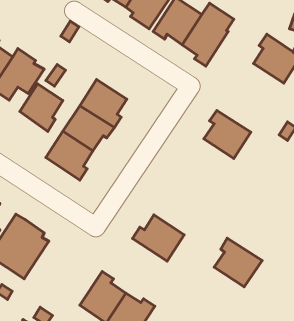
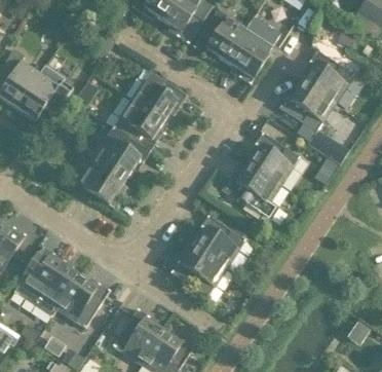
building: none -> [130,69,187,119]
building: none -> [278,80,335,131]
building: [20,84,63,131] -> none
building: none -> [224,162,280,214]
building: [214,238,262,287] -> [193,214,245,267]
building: none -> [56,274,110,327]

